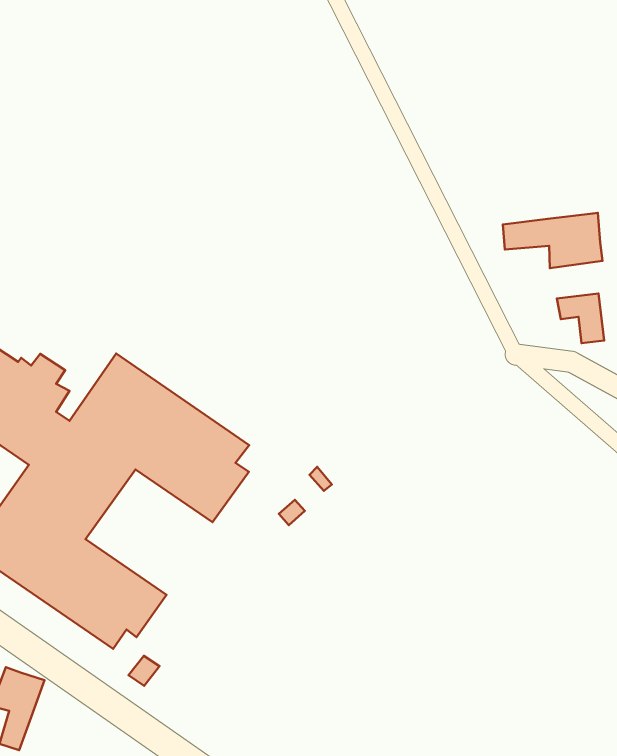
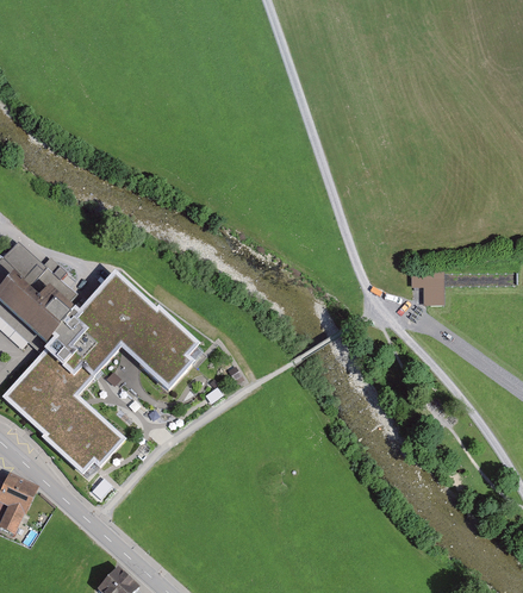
building: [503,213,603,268] -> none

